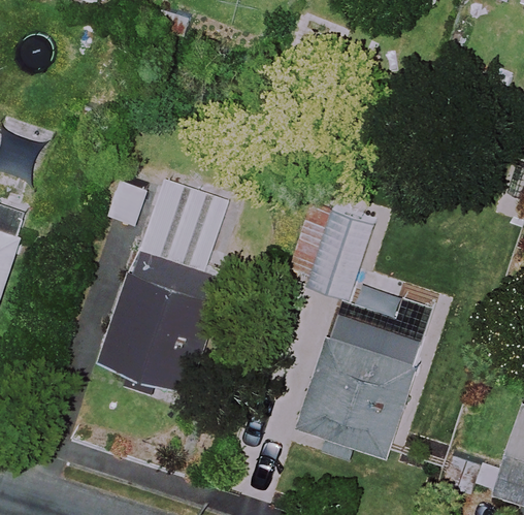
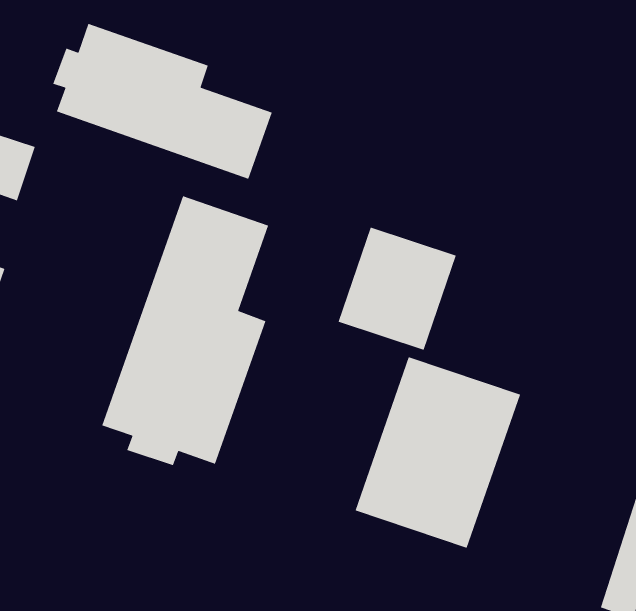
building: none -> [52,23,273,180]

